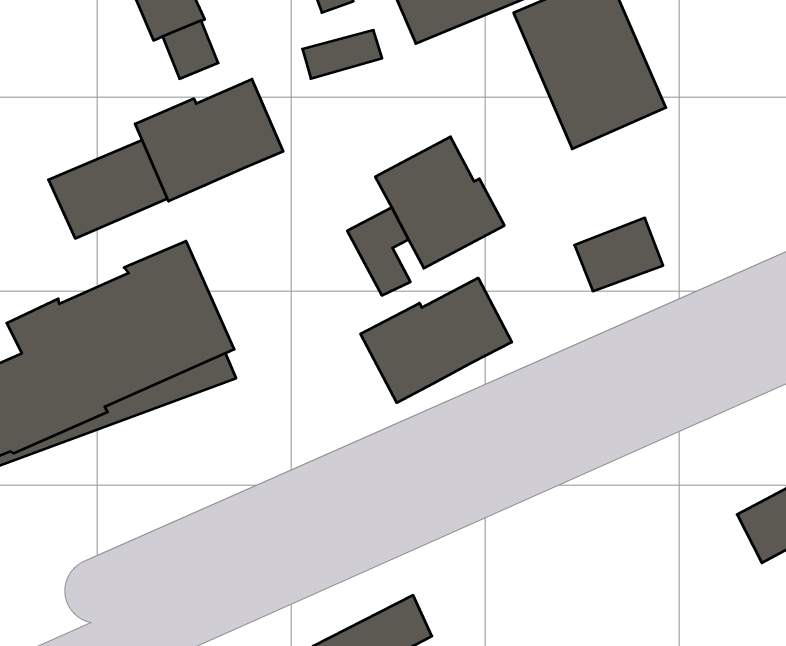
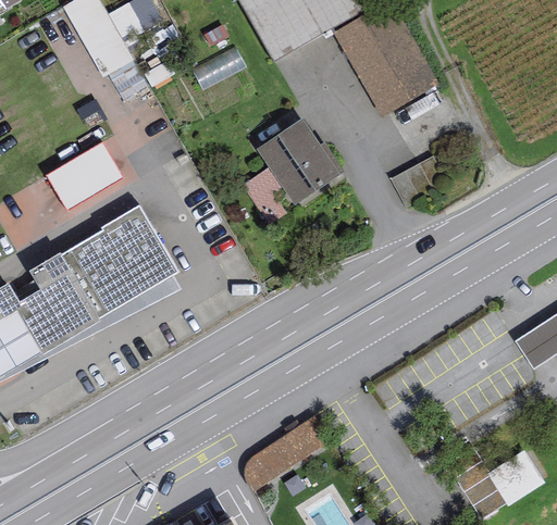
building: [135,79,283,201] -> none
building: [361,278,512,403] -> none

